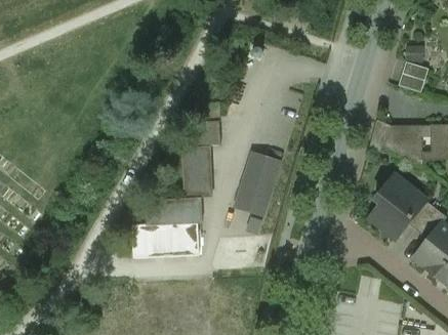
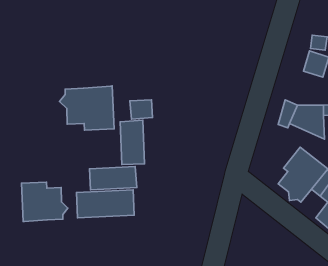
building: none -> [59,86,114,130]
building: [234,153,281,218] -> none
building: none -> [22,182,68,222]

